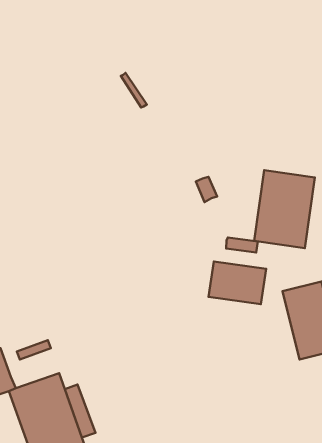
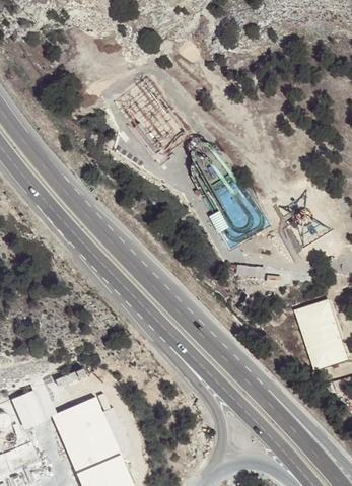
building: [254,170,315,248] -> none
building: [209,261,266,304] -> none

